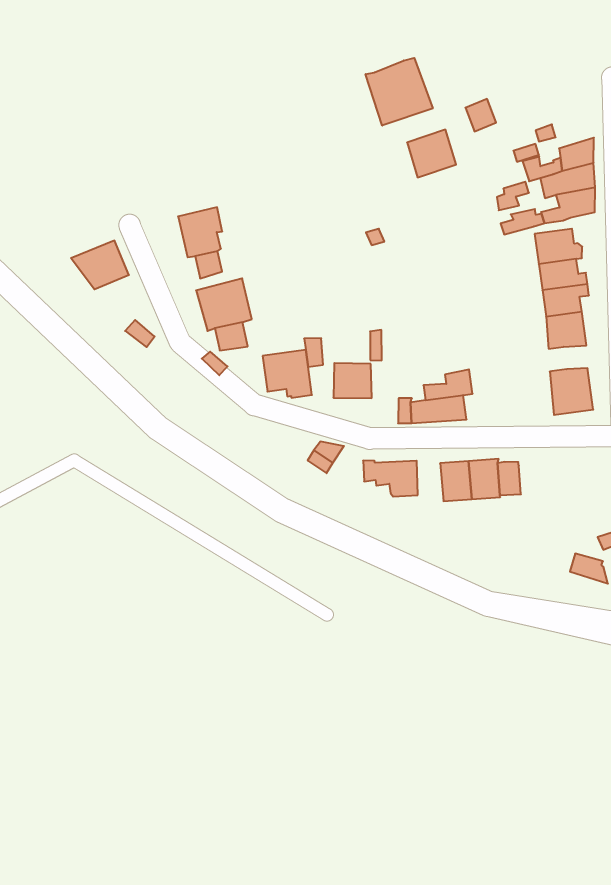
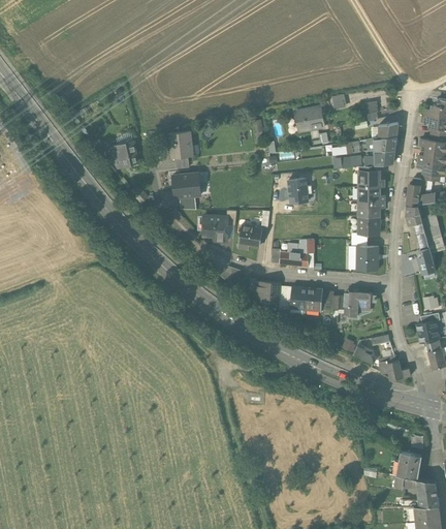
building: [366,58,433,126] -> none
building: none -> [289,178,312,203]
building: none -> [345,292,375,315]

